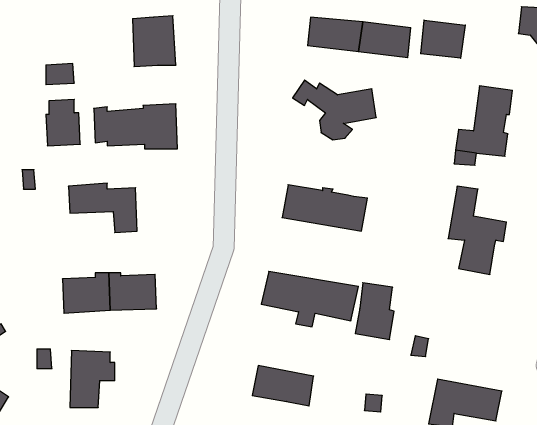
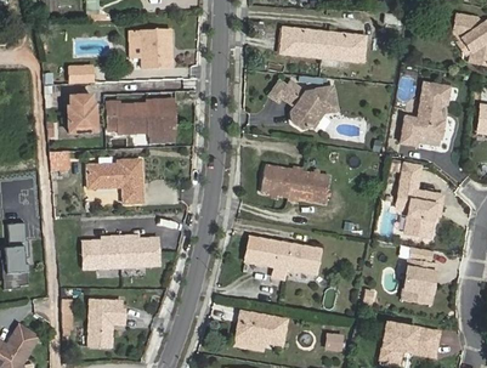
building: [421,20,465,58] -> none
building: [355,283,394,340] -> [401,259,432,305]

